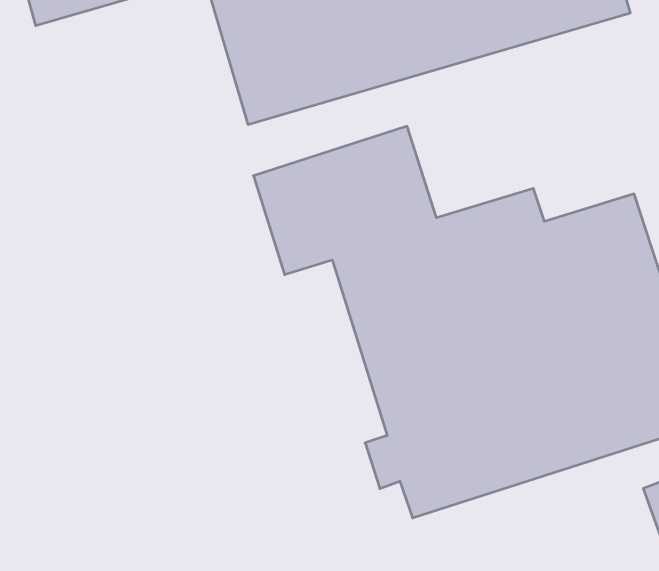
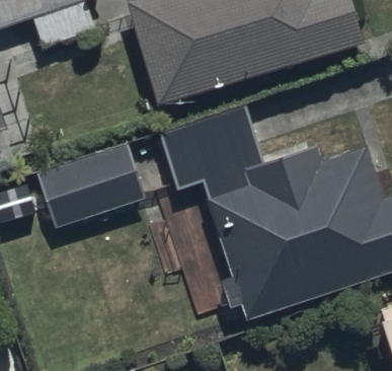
building: none -> [34,144,146,228]

